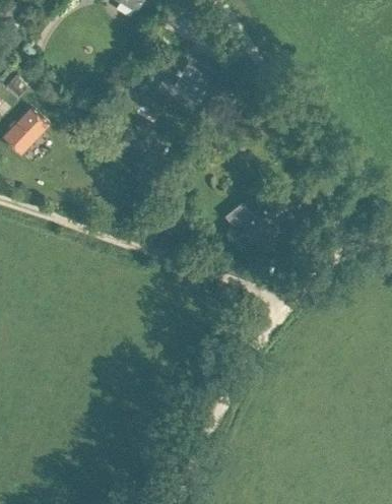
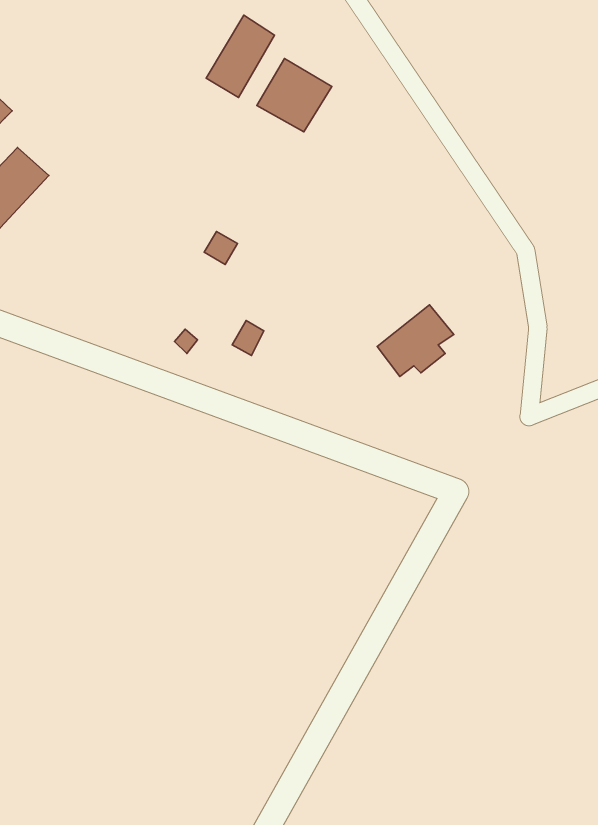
building: none -> [206,15,275,97]

